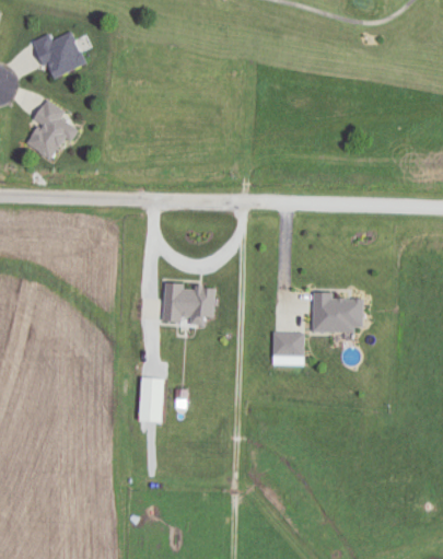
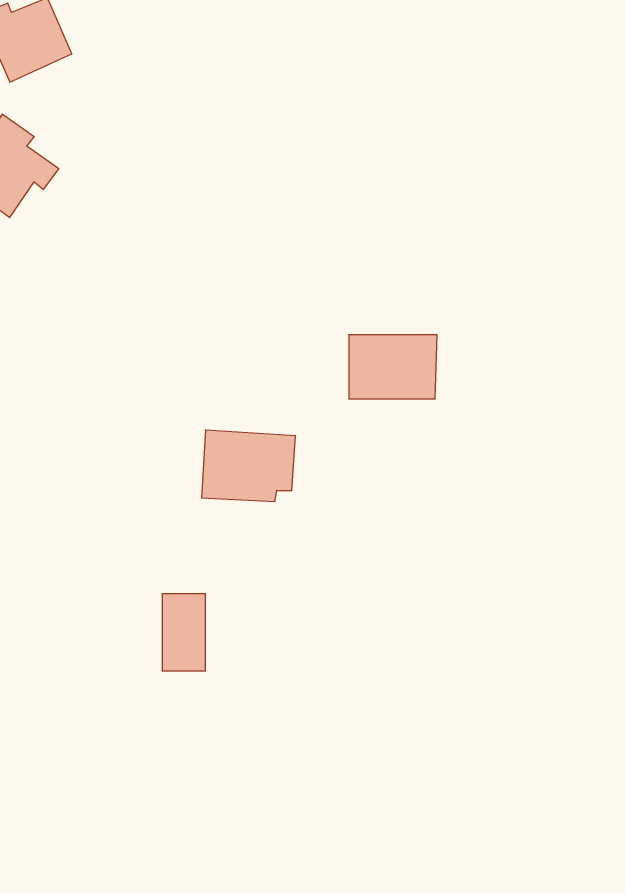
building: [311,295,362,333] -> [349,335,437,399]
building: [272,333,302,357] -> none

